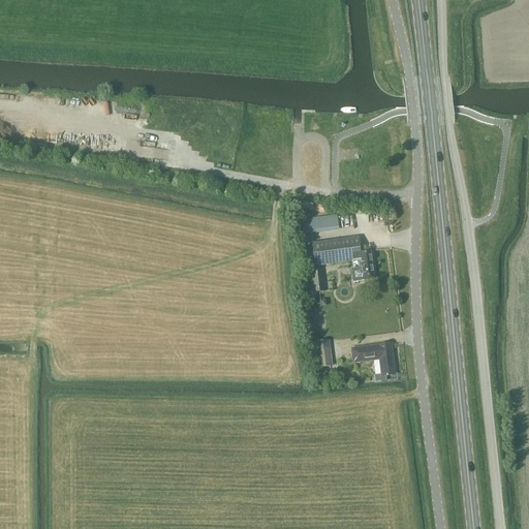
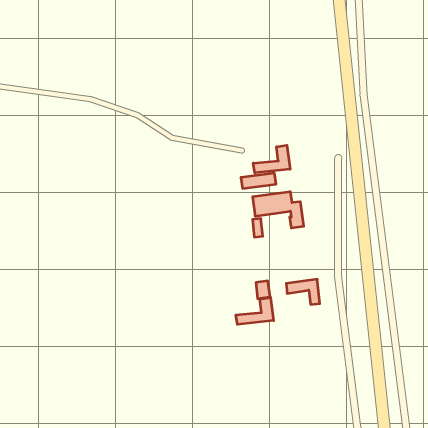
building: none -> [253,145,290,173]
building: none -> [236,298,274,324]

